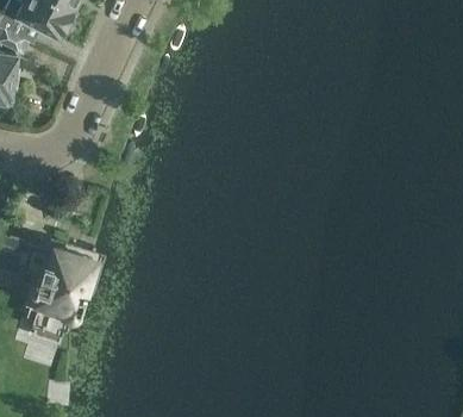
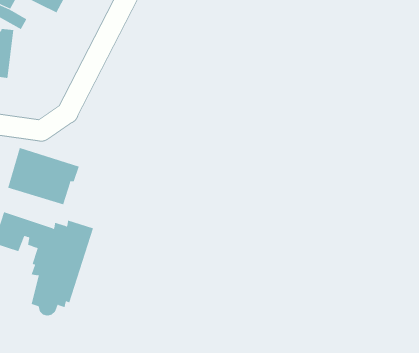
building: none -> [7,147,80,205]

